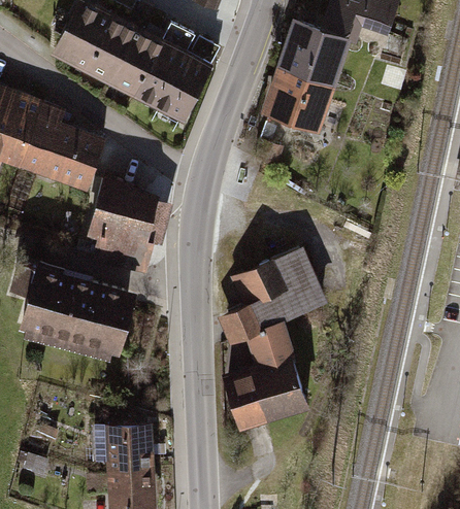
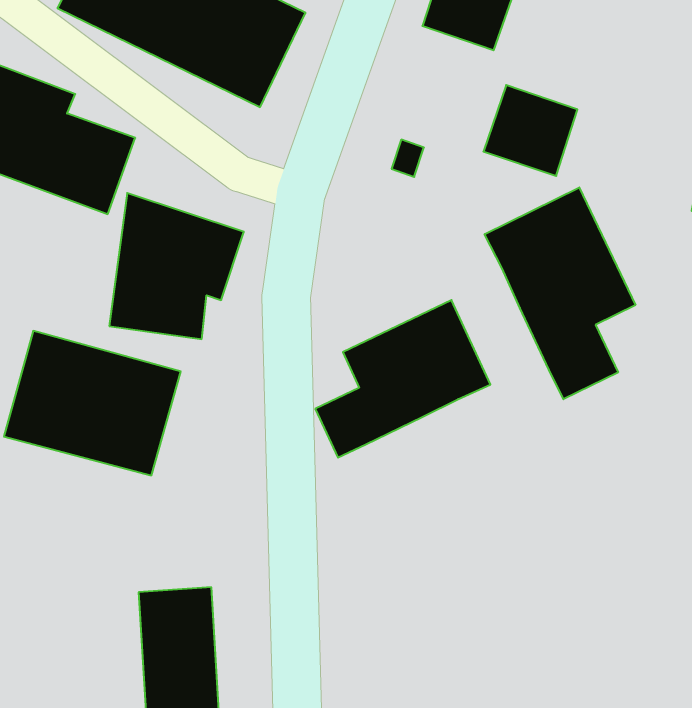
building: [270,71,330,129] -> [483,85,577,176]
building: none -> [485,187,635,399]
building: [223,319,311,429] -> none

